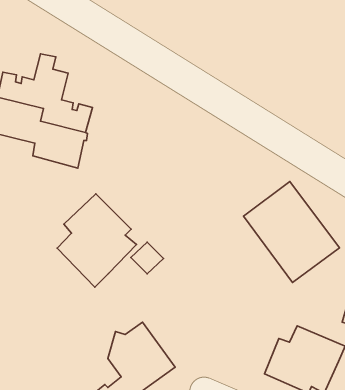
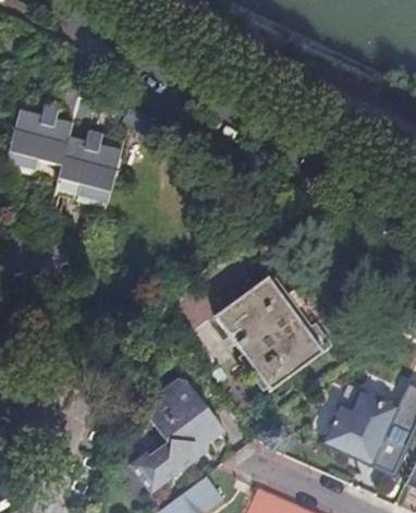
building: [244,182,340,283] -> [215,277,323,391]
building: [57,194,137,287] -> none

